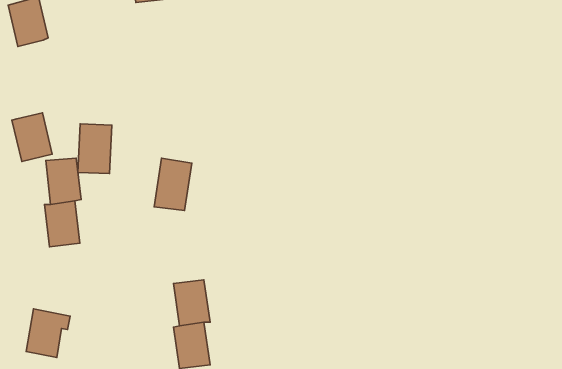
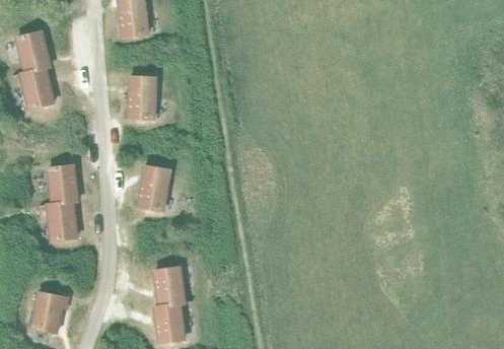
building: [12,113,52,161] -> [20,68,54,109]
building: [78,124,112,174] -> [128,77,156,119]

